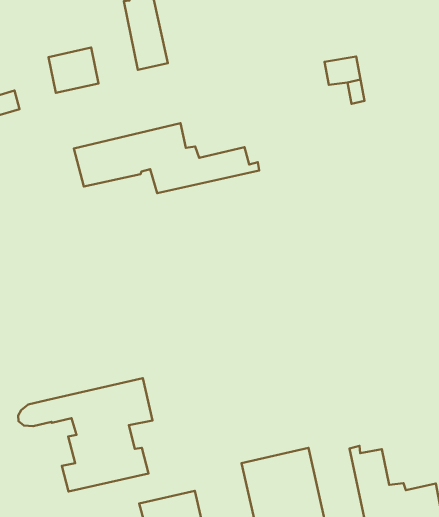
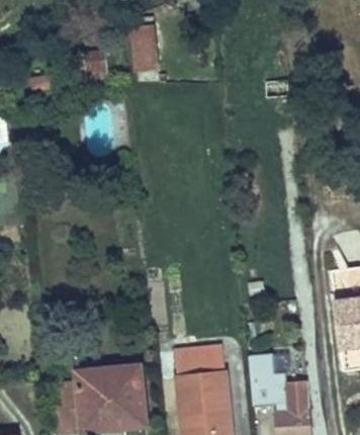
building: [74,123,259,193] -> none
building: [18,378,152,492] -> none

